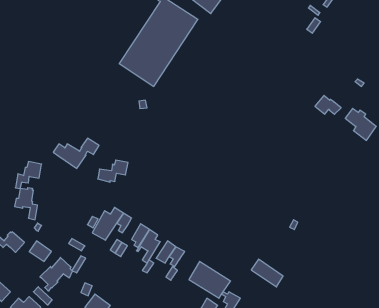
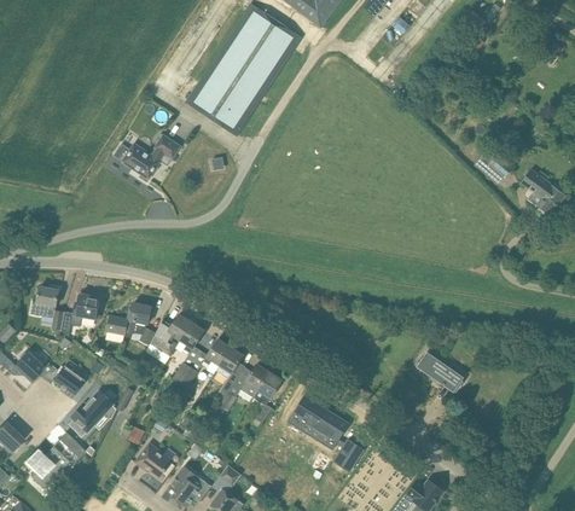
building: [53,138,99,168] -> [112,134,180,179]
building: [98,160,128,182] -> [106,302,151,335]
building: [15,162,42,189] -> [60,294,99,333]
building: [251,259,283,287] -> [416,350,463,391]

